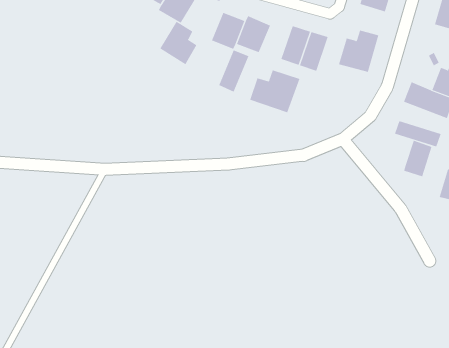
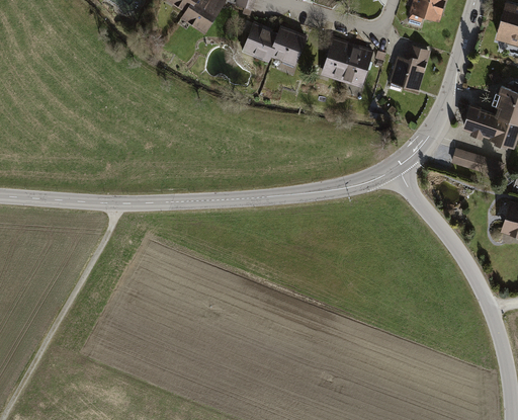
building: [160,21,197,65] -> none
building: [219,49,249,93] -> none
building: [249,69,300,113] -> none
building: [403,140,432,177] -> none

